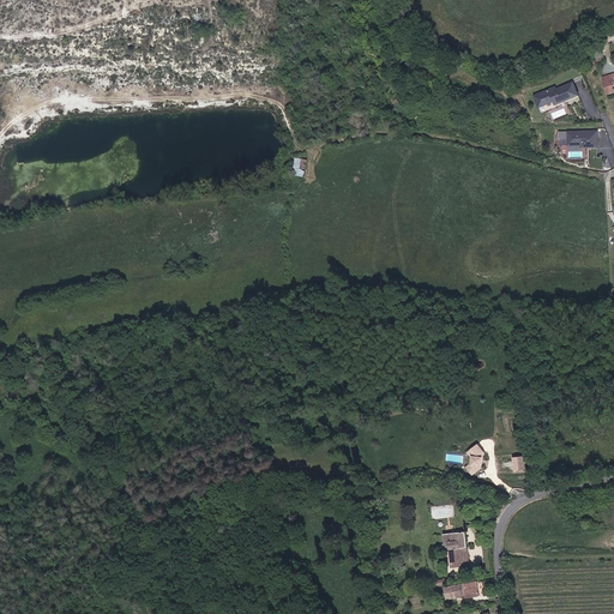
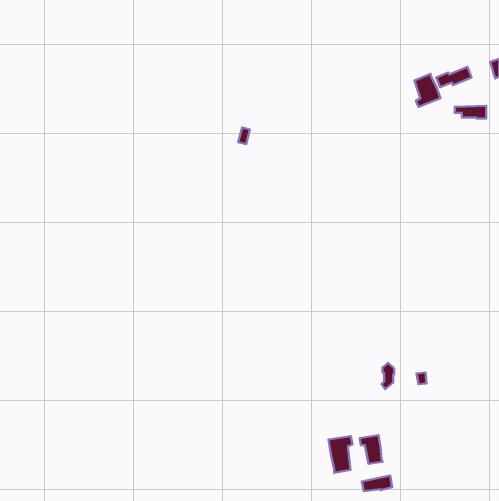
building: none -> [414,74,441,107]
building: none -> [328,436,352,473]

